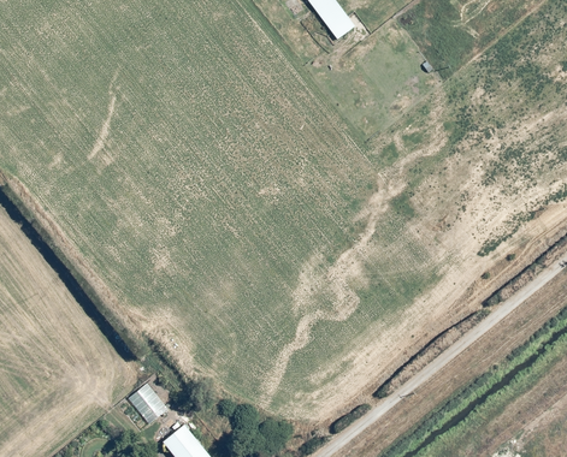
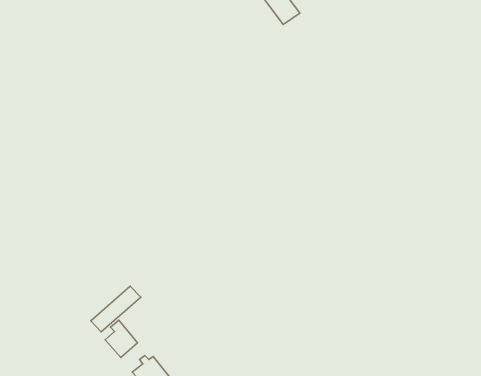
building: none -> [91,286,141,332]

